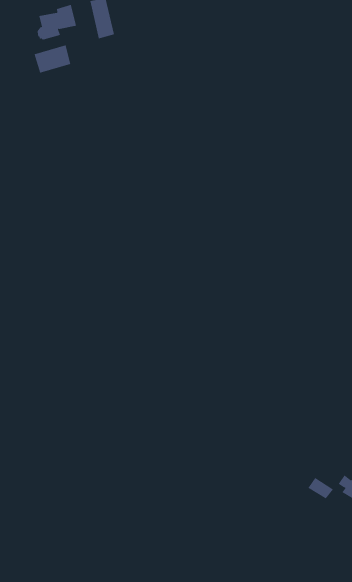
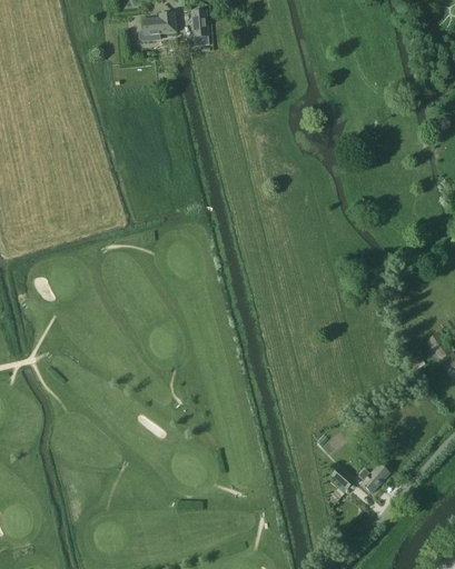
building: [34,44,71,74] -> none

